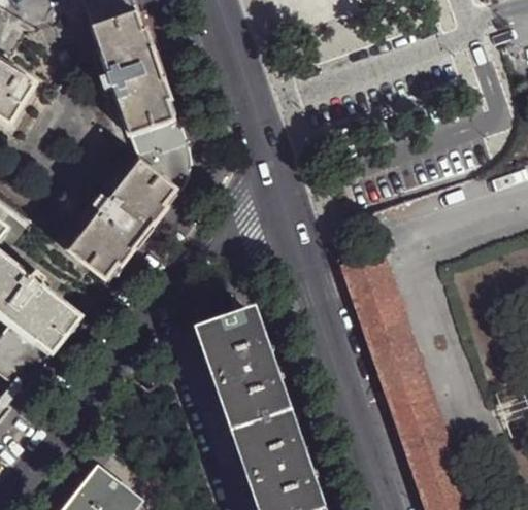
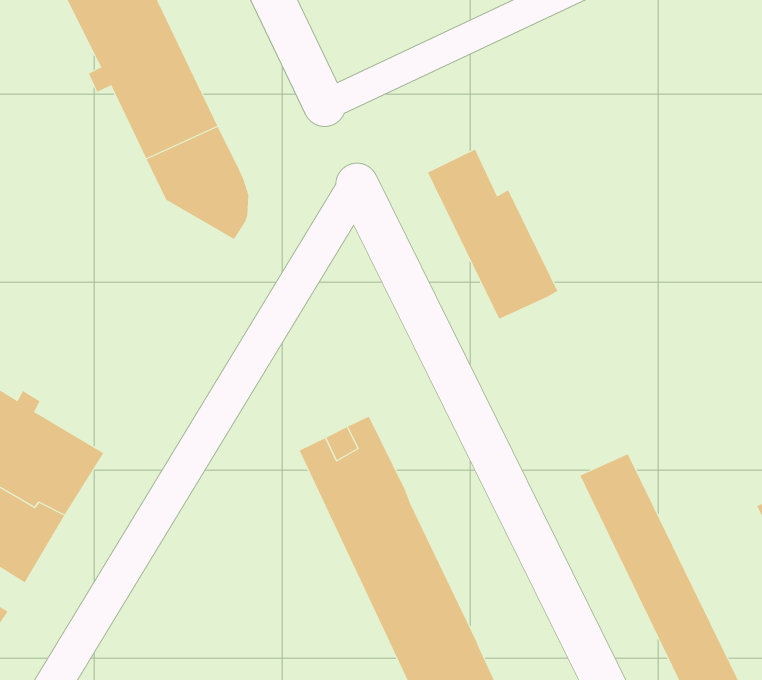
building: [68,161,178,280] -> none
building: [342,254,416,363] -> [427,149,558,319]

